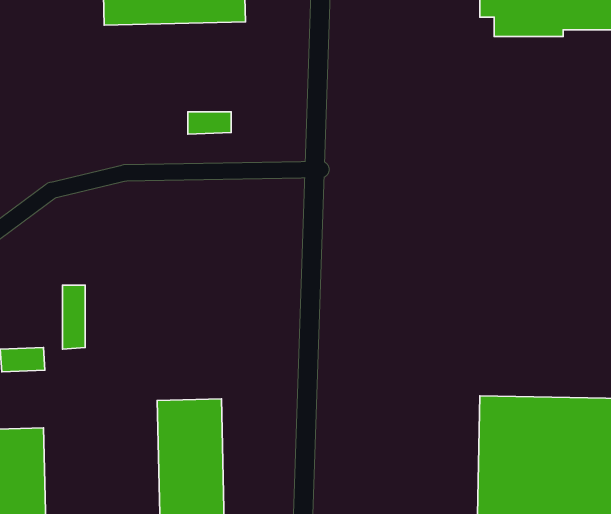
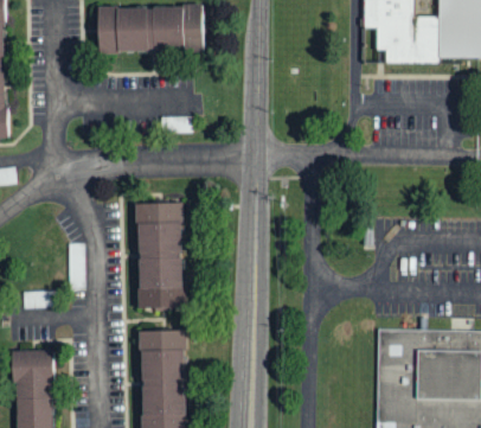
building: none -> [134,203,185,307]

